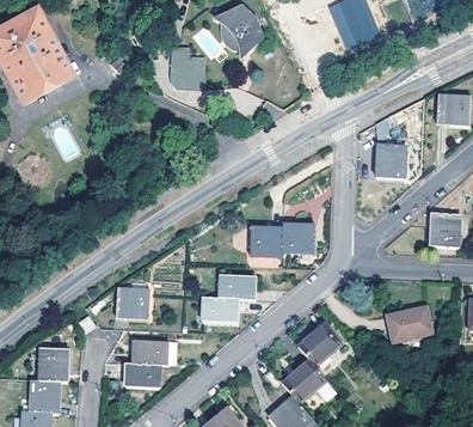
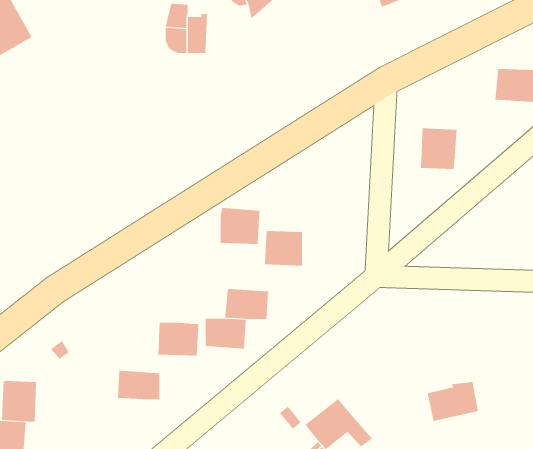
building: [430,213,460,248] -> none
building: [282,222,314,252] -> [220,207,260,245]
building: [117,289,150,317] -> [157,322,199,356]
building: [388,310,430,342] -> [427,381,479,421]
building: [299,325,342,368] -> none
building: [125,362,159,388] -> none

